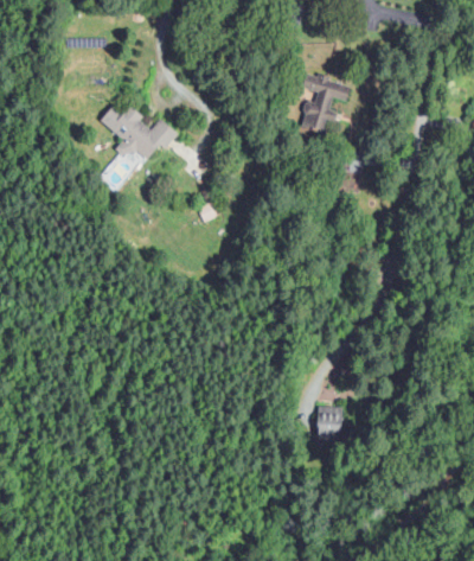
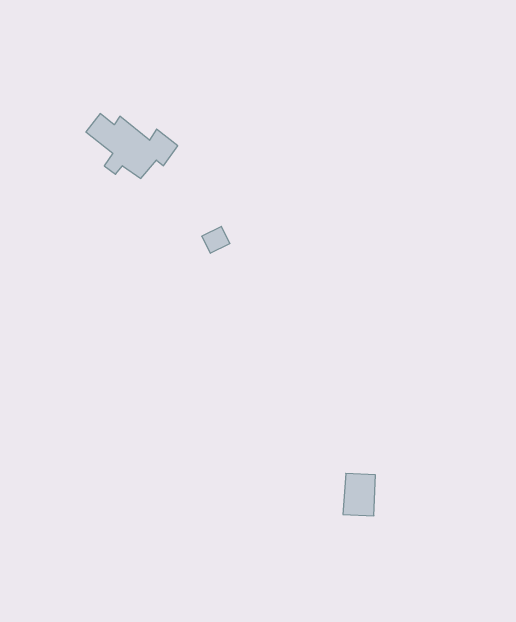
building: [302,75,350,132] -> none

